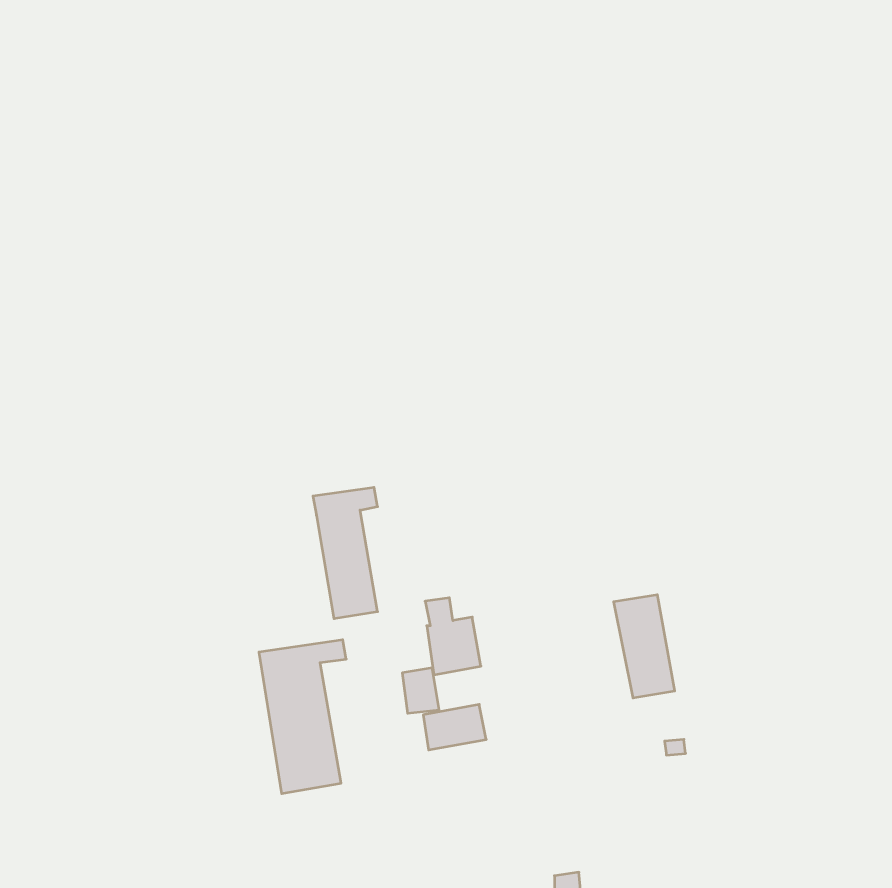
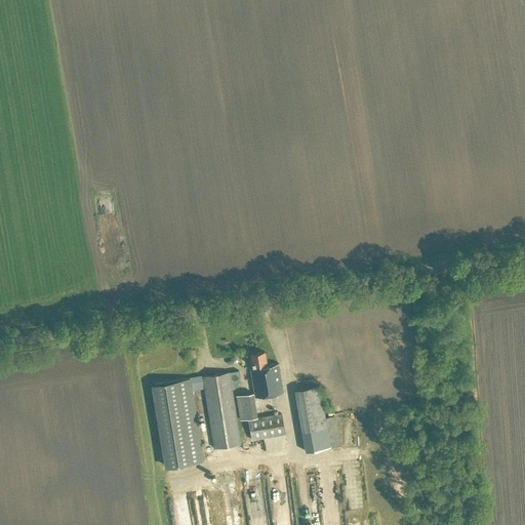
building: [313,487,378,619] -> [201,373,239,450]
building: [614,595,675,698] -> [293,389,329,449]

